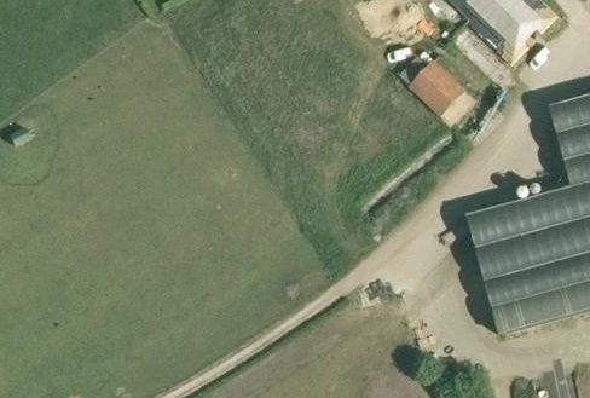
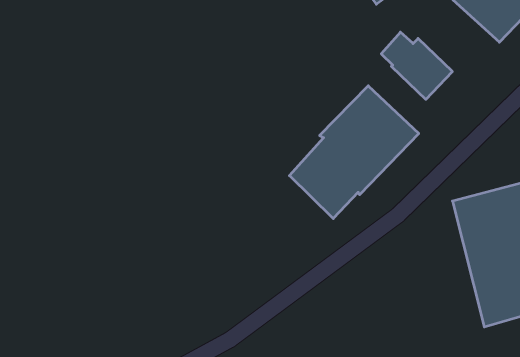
building: none -> [289,86,419,219]

